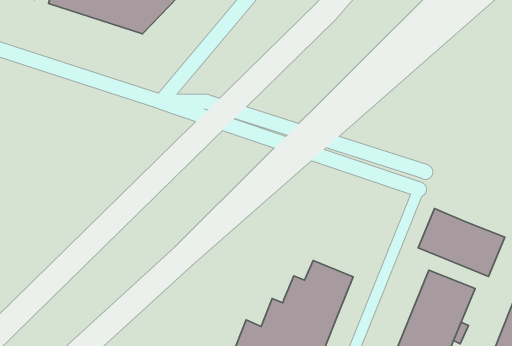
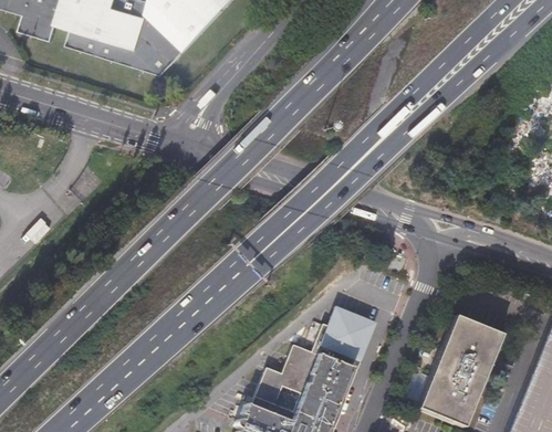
building: [418,209,505,277] -> none

